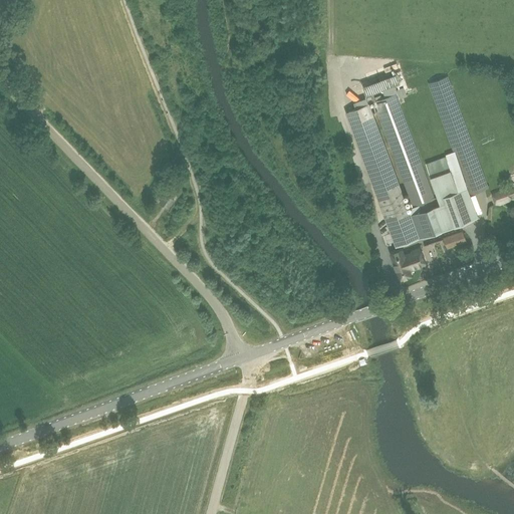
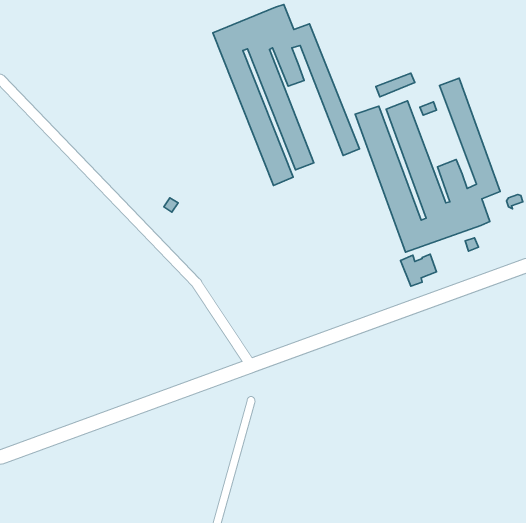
building: none -> [213,5,360,185]

